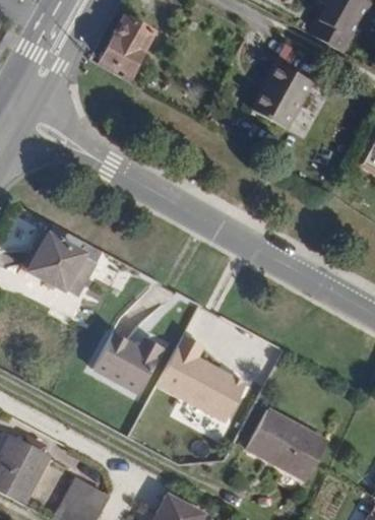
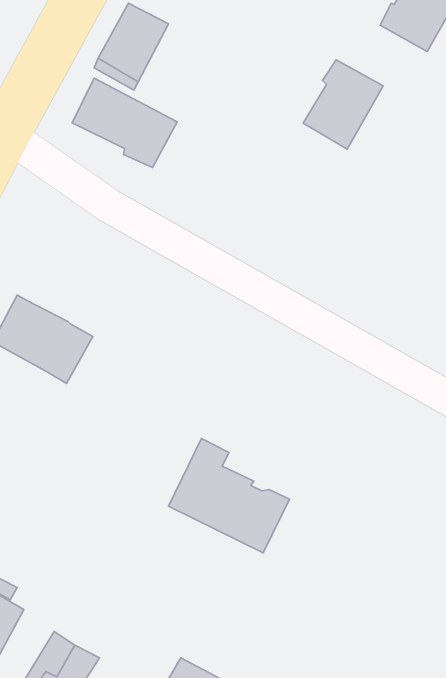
building: none -> [72,78,177,168]
building: [93,330,165,396] -> none
building: [243,405,325,475] -> none

